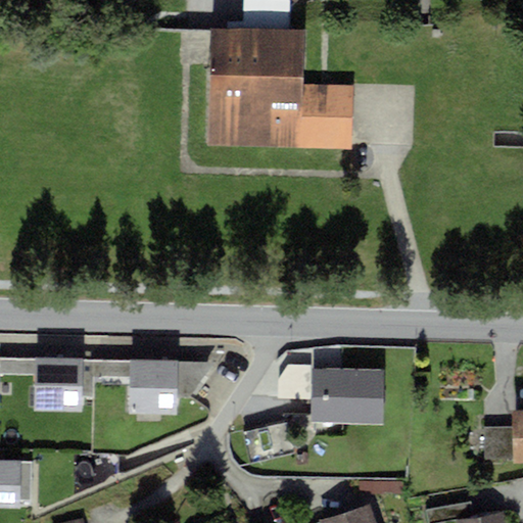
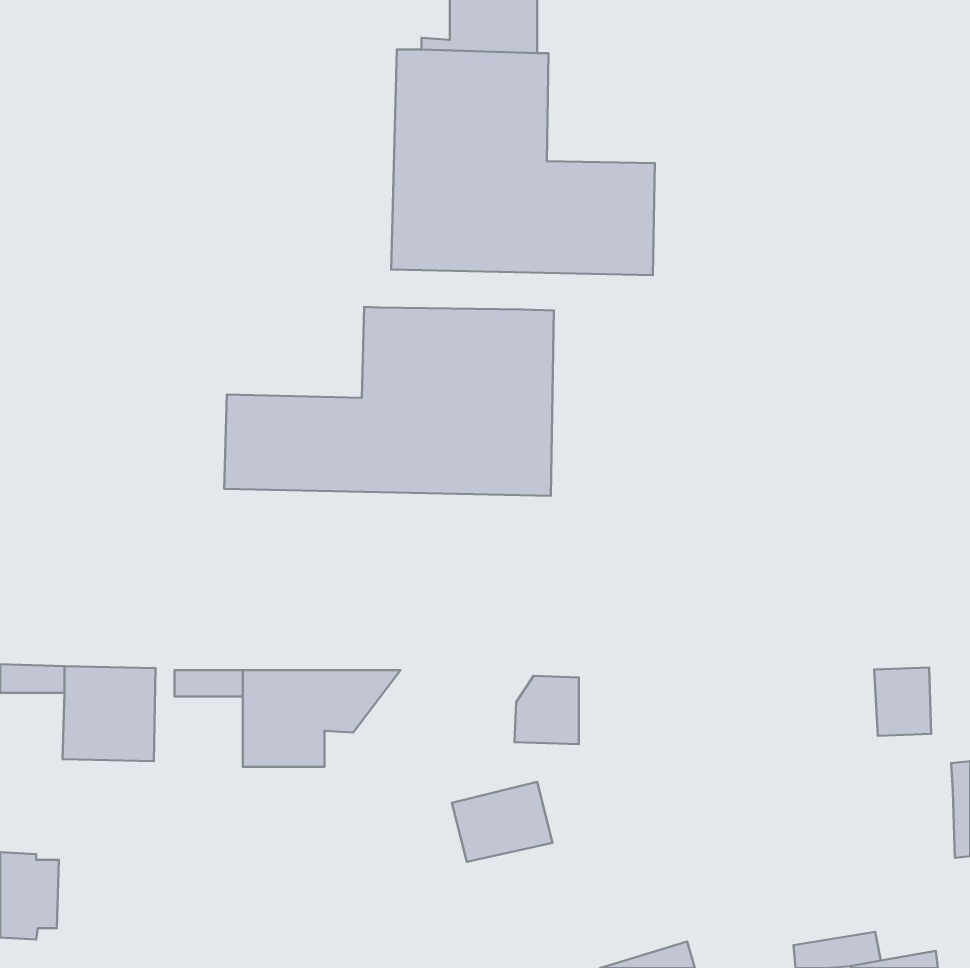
building: none -> [224,307,554,496]
building: [314,369,385,422] -> none
building: [483,426,514,463] -> [874,667,931,736]

